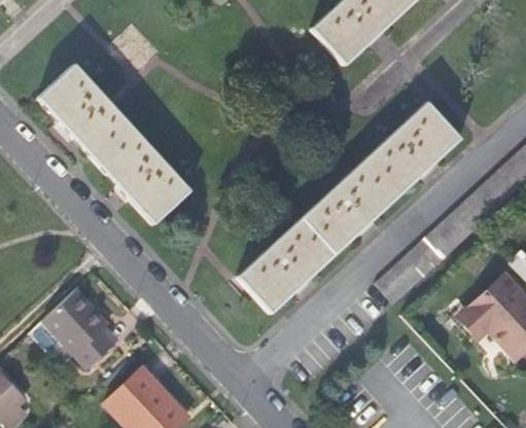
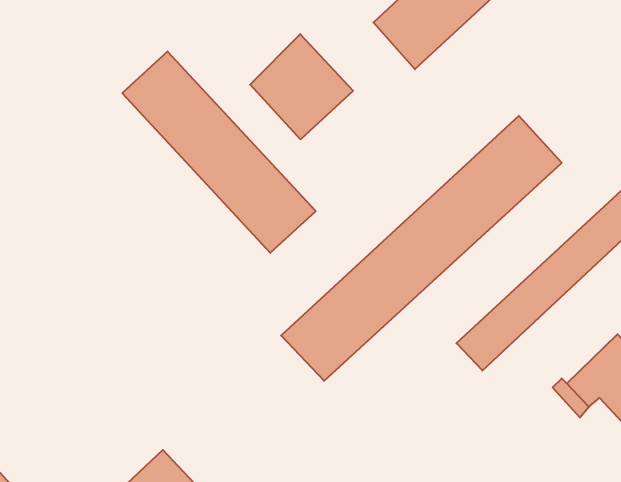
building: none -> [250,34,353,139]
building: [37,65,190,224] -> [122,51,316,253]
building: [43,289,118,369] -> none

